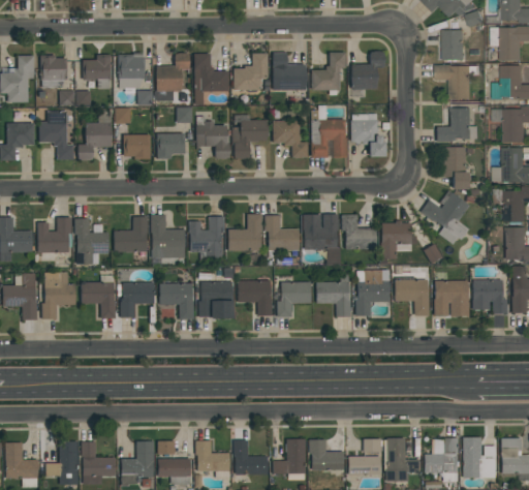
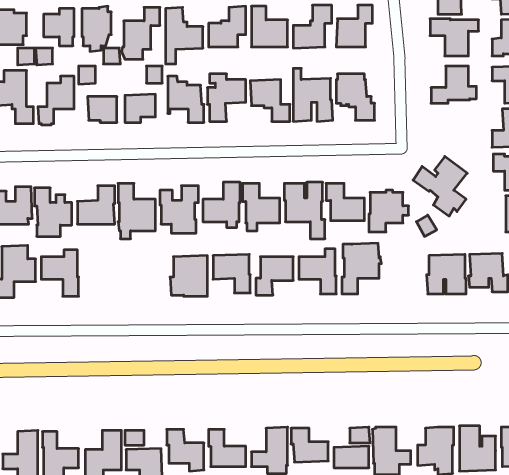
building: [441,147,468,190] -> none
building: [395,277,429,316] -> none
building: [120,282,154,317] -> none
building: [159,283,194,320] -> none

